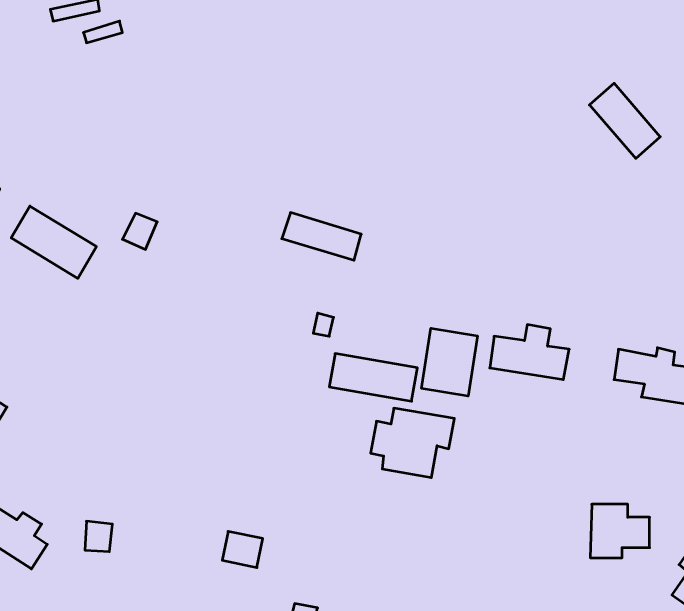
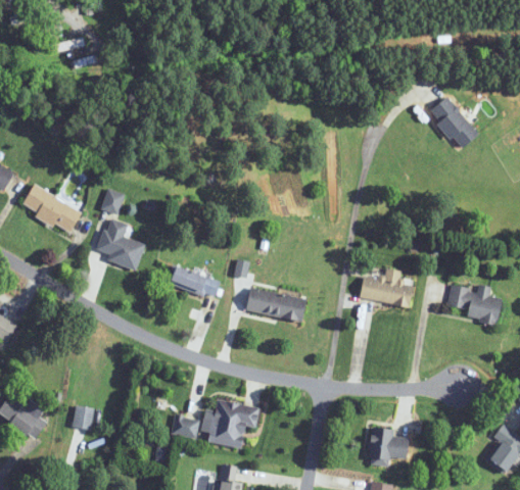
building: [282,213,361,260] -> [164,264,221,298]
building: none -> [97,217,144,269]
building: [422,328,477,396] -> none
building: [371,408,454,478] -> [200,399,259,448]
building: [590,504,650,558] -> [367,428,409,465]

